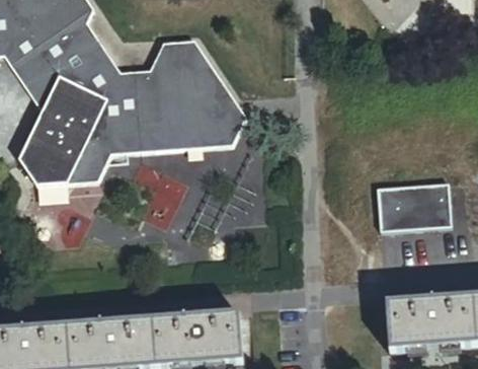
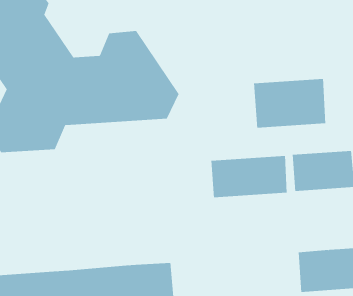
building: none -> [253,78,326,129]
building: none -> [211,155,287,198]

